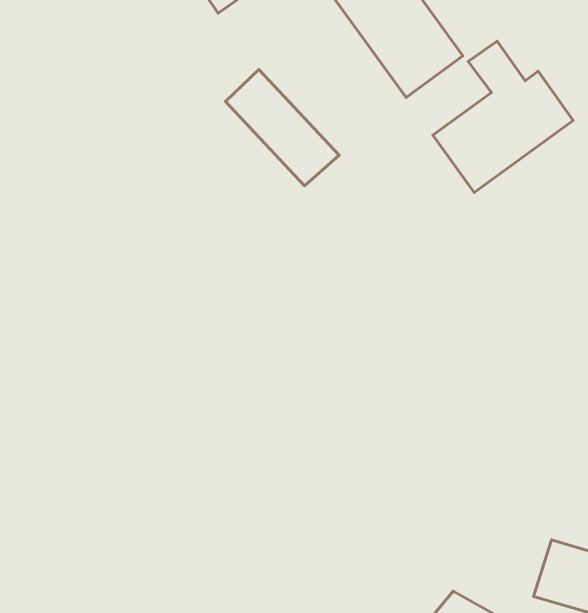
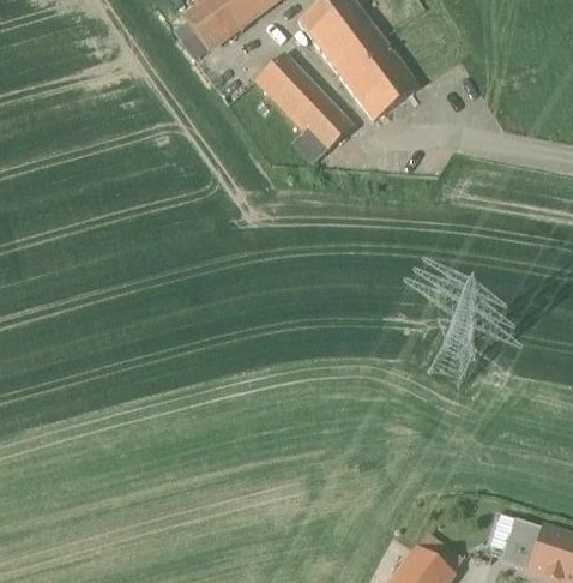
building: [433,41,573,192] -> none
building: [226,70,339,186] -> [254,52,352,152]

